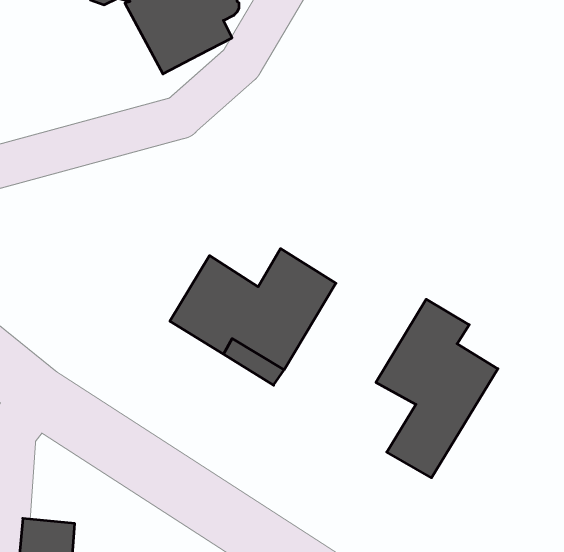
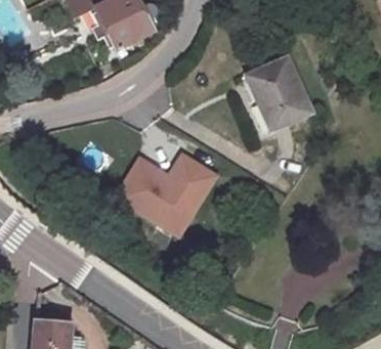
building: none -> [251,62,313,133]
building: [376,299,498,478] -> none

